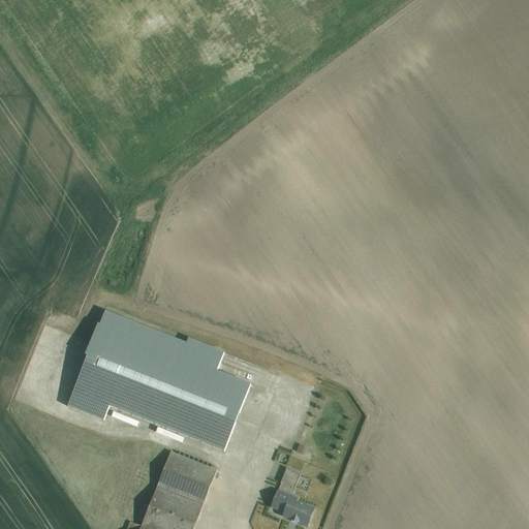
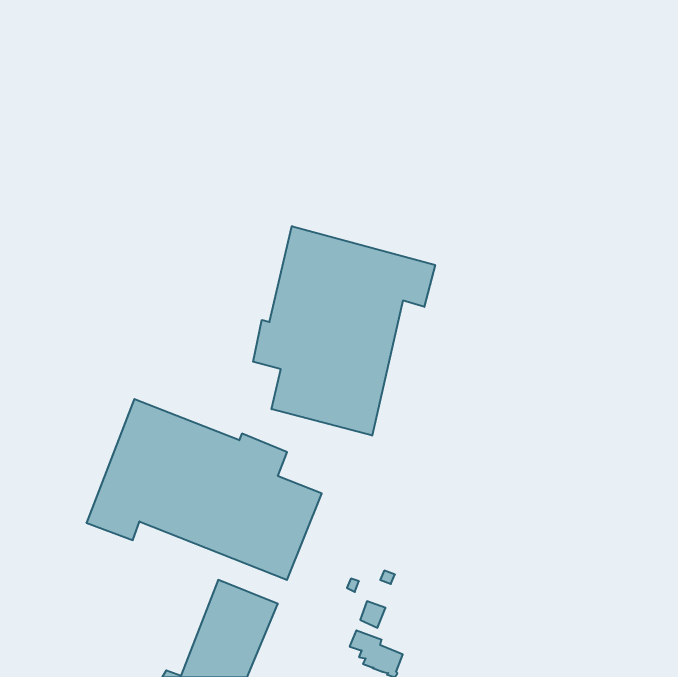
building: none -> [253,226,435,436]

